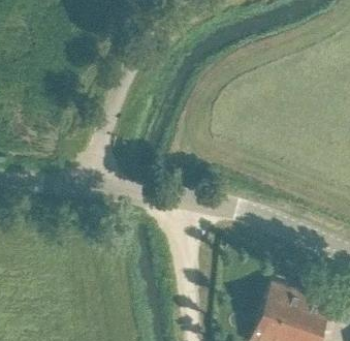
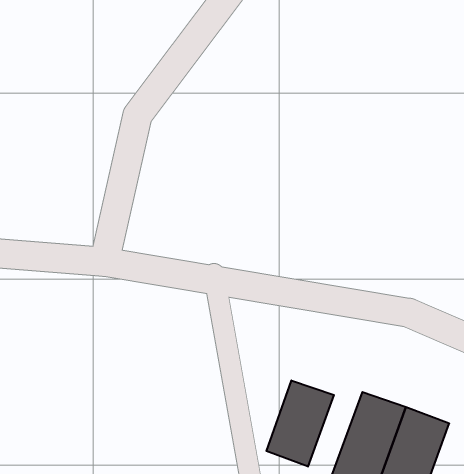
building: none -> [266,380,334,467]

